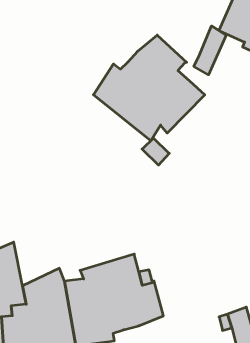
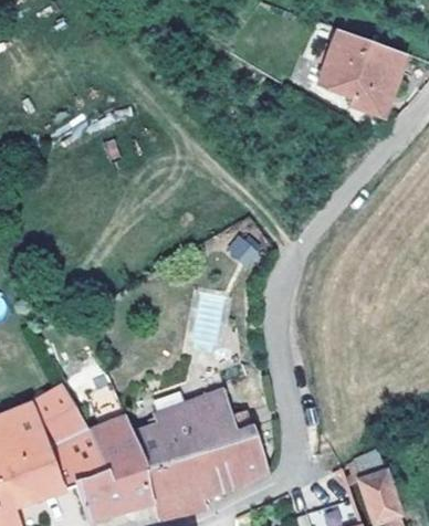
building: [194,26,226,75] -> none
building: [93,35,205,141] -> none

